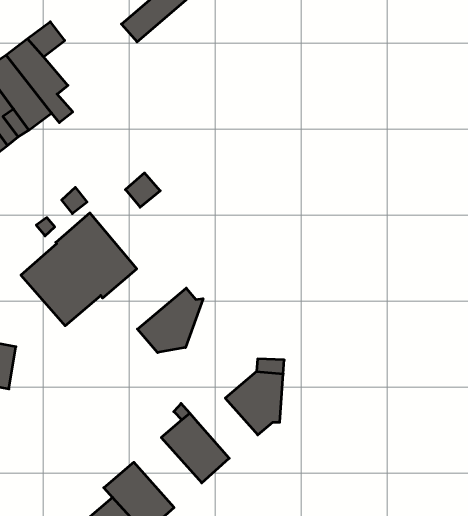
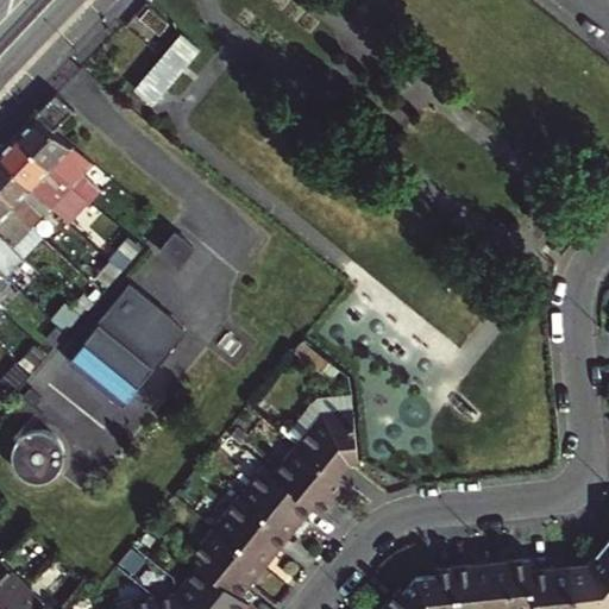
building: [137,288,203,353] -> none
building: none -> [274,450,345,519]
building: none -> [215,501,288,570]

